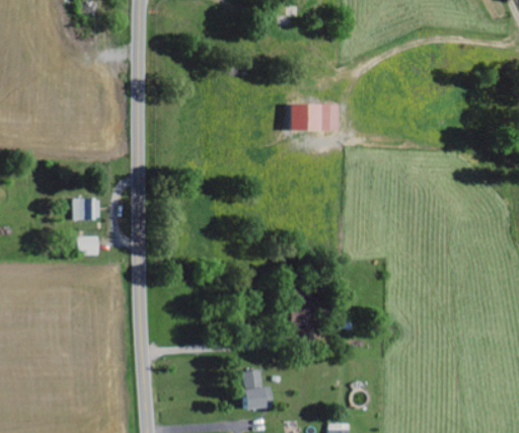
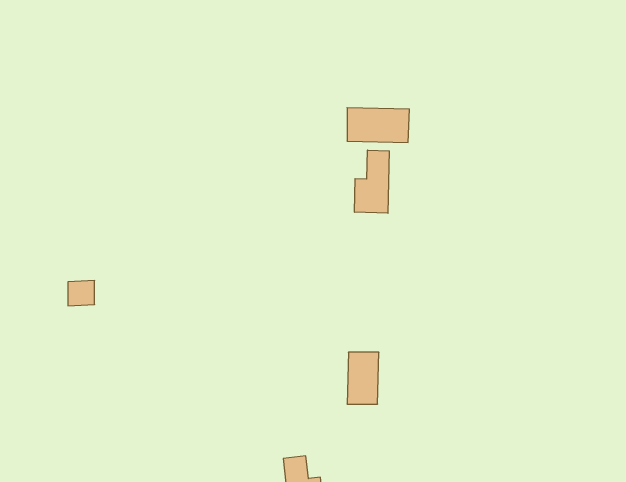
building: none -> [355,150,389,213]
building: [72,199,99,220] -> none

